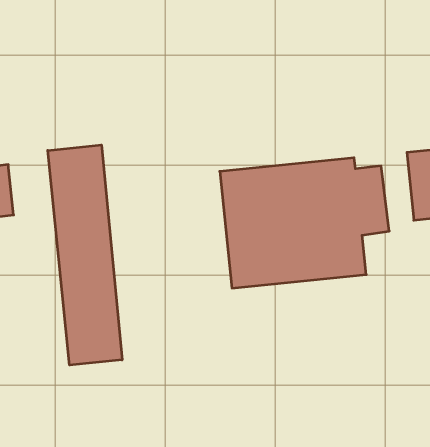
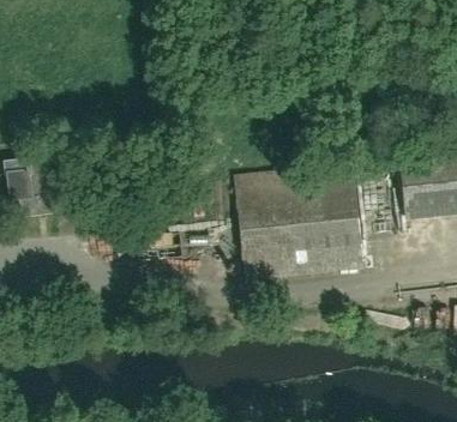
building: [48,145,122,365] -> none

